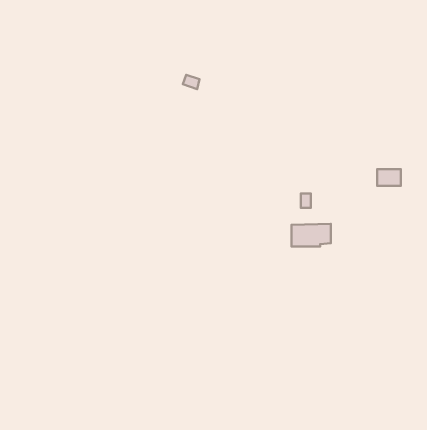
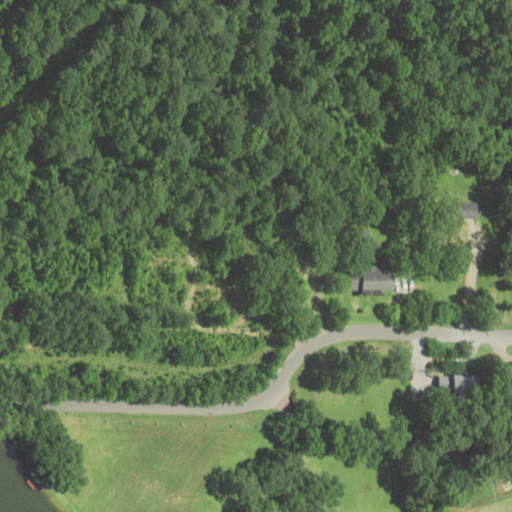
building: none -> [441,375,480,394]

